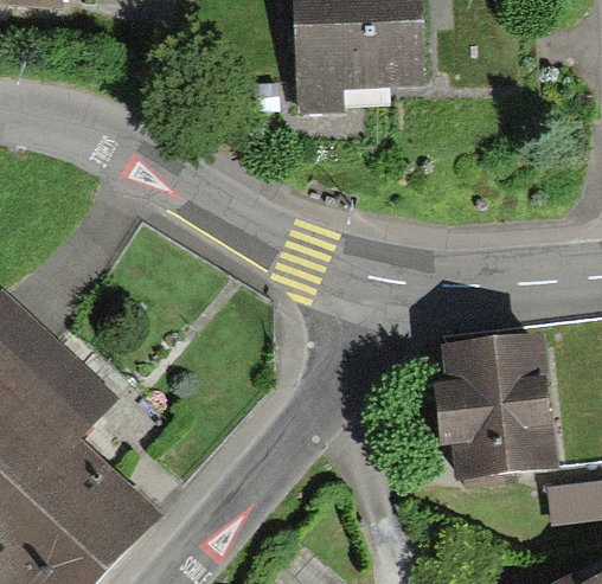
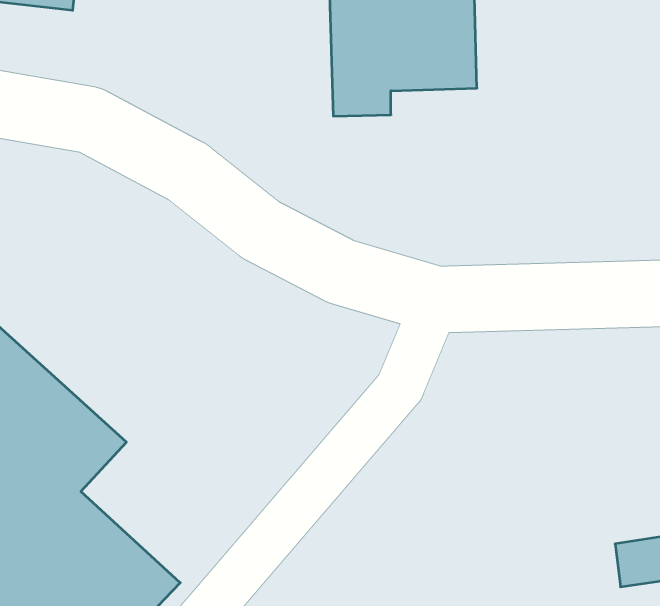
building: [434,338,557,482] -> none

